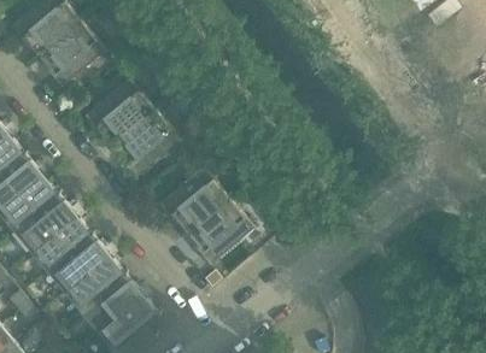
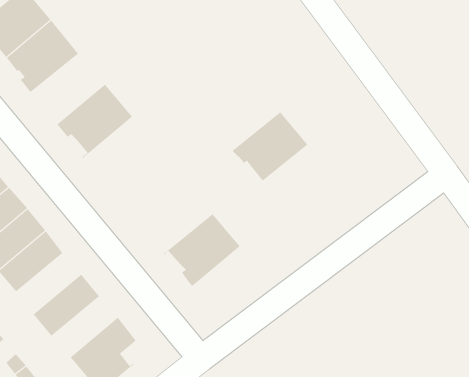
building: [111,112,182,180] -> none
building: [160,171,230,239] -> [232,112,308,185]
building: [49,237,110,294] -> none
building: [82,277,144,334] -> none

